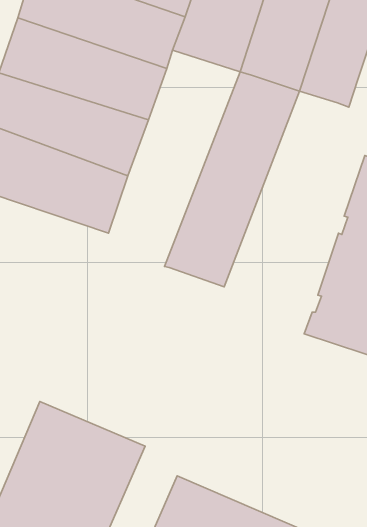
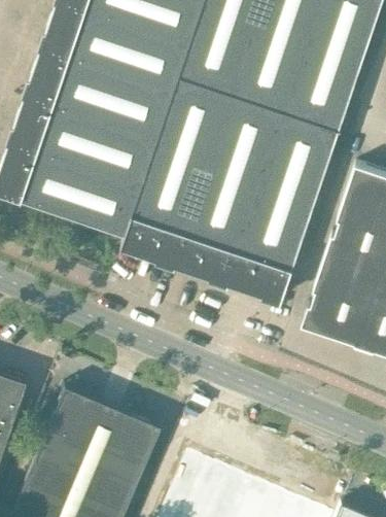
building: none -> [120,72,243,267]
building: none -> [229,109,341,302]

